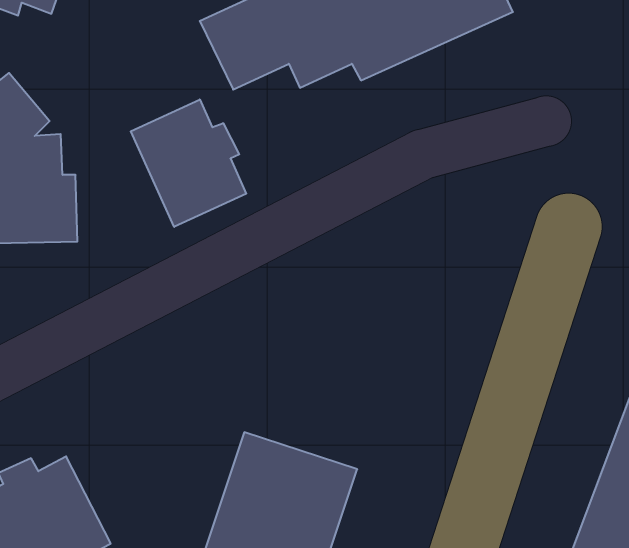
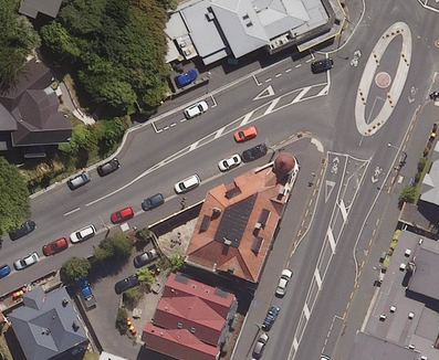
building: [131,99,246,227] -> none
building: none -> [187,166,303,292]

